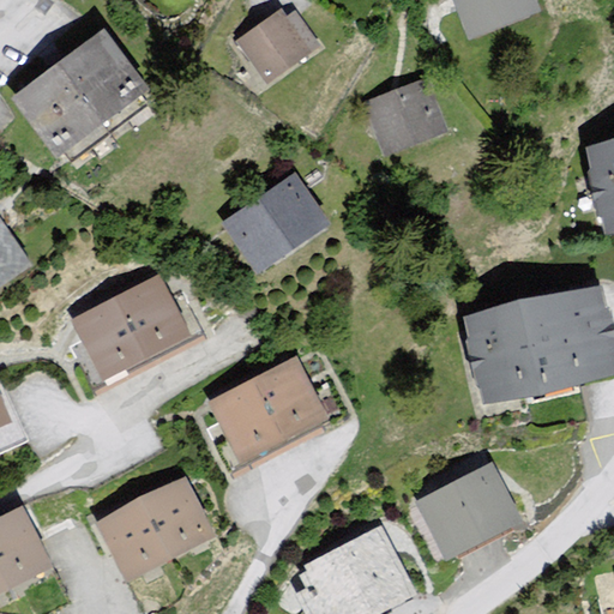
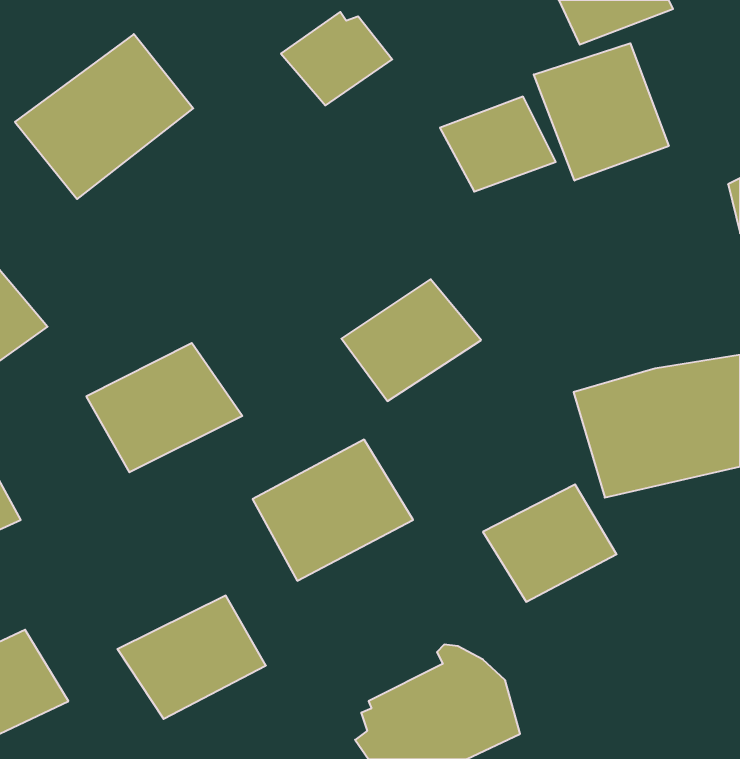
building: none -> [534,43,669,181]
building: [221,175,333,273] -> [341,279,481,401]
building: [411,464,519,559] -> [483,484,617,602]

